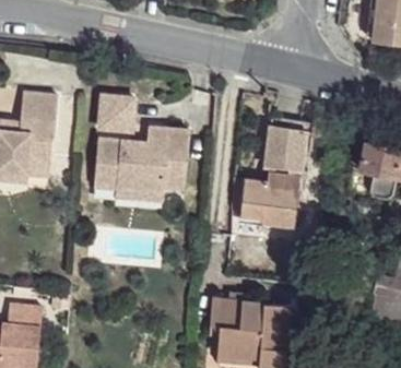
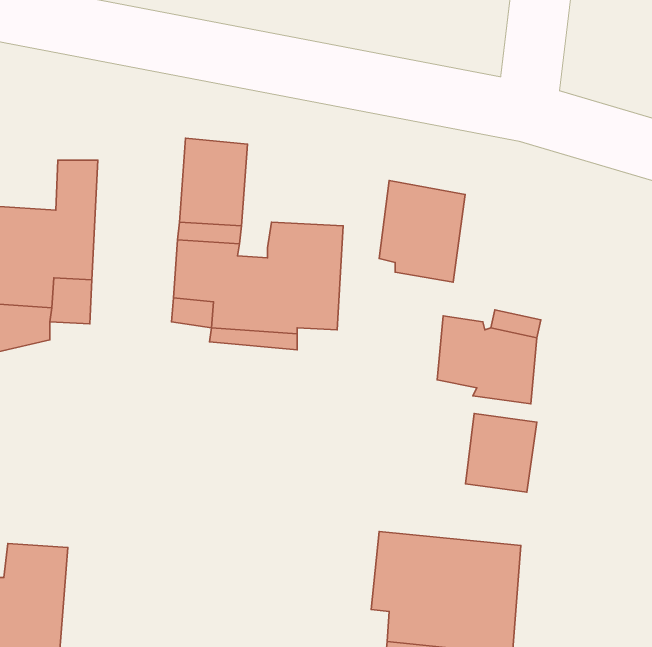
building: [266,117,312,173] -> [379,180,465,282]
building: none -> [466,414,537,492]

